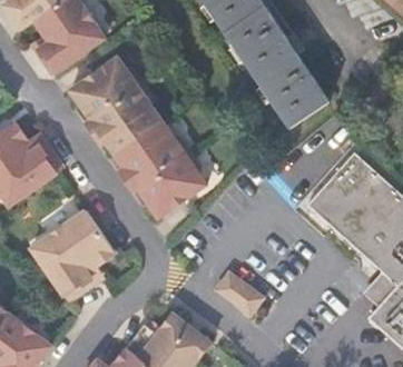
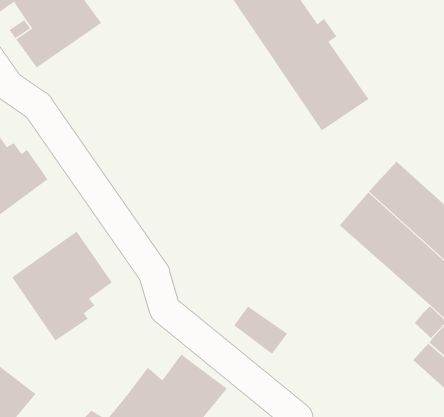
building: [70,57,207,218] -> none

